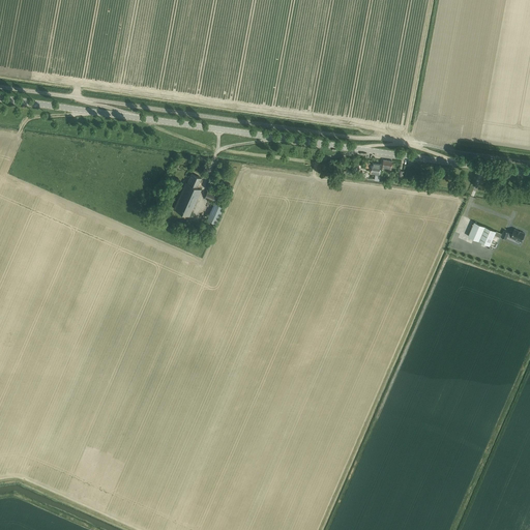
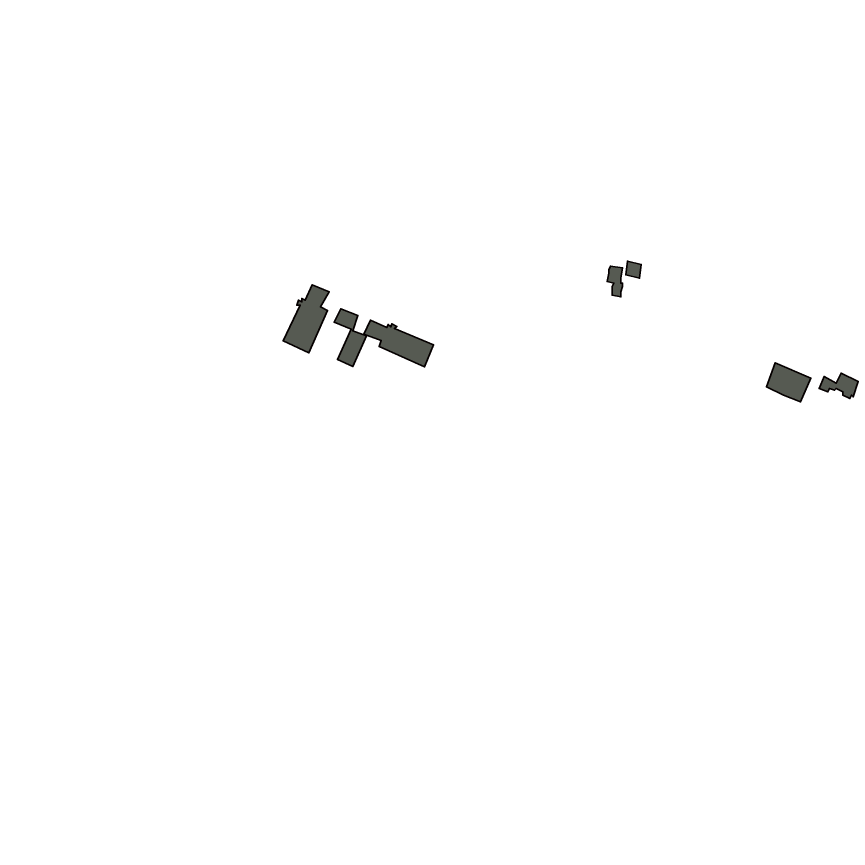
building: none -> [364,320,433,367]

